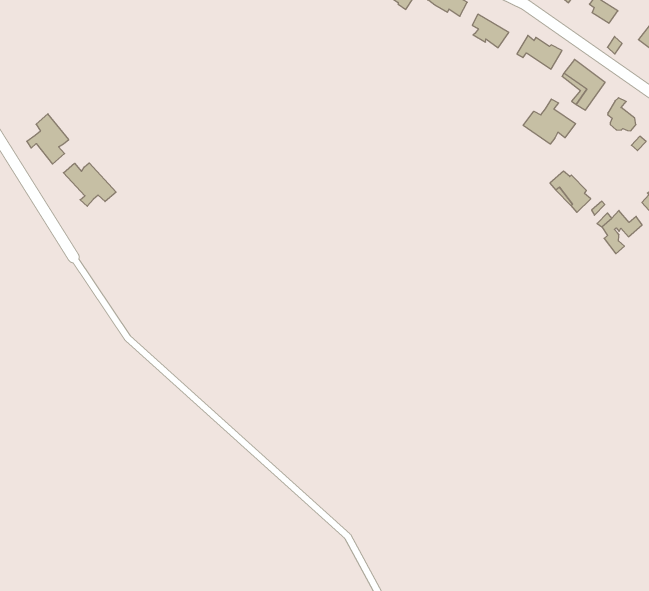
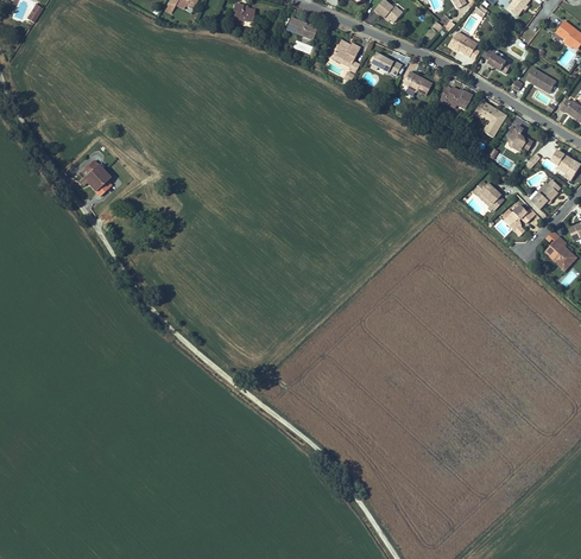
building: [523,99,576,144] -> none
building: [63,163,116,206] -> none

